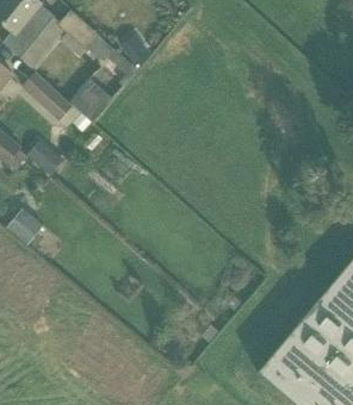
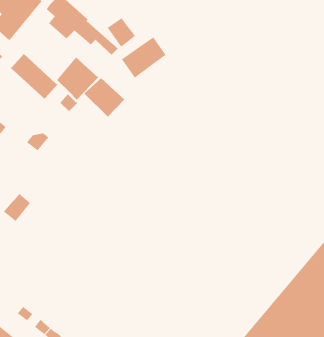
building: none -> [121,36,167,78]
building: none -> [84,78,125,118]

